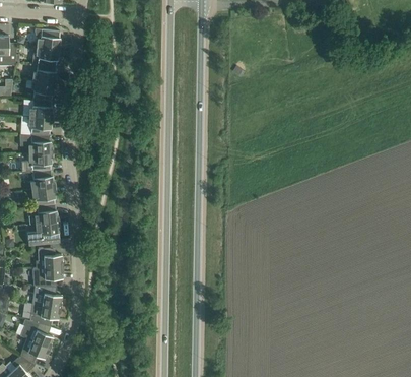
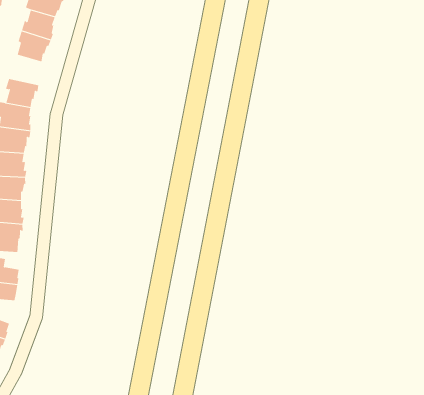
building: [28,98,52,117] -> none

